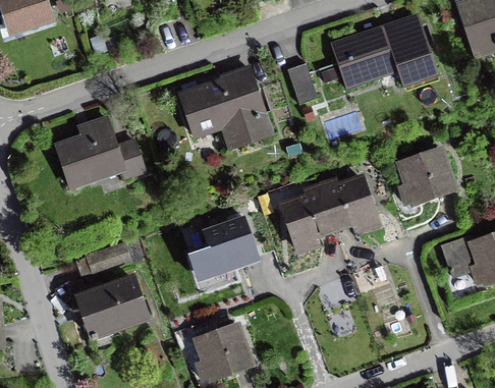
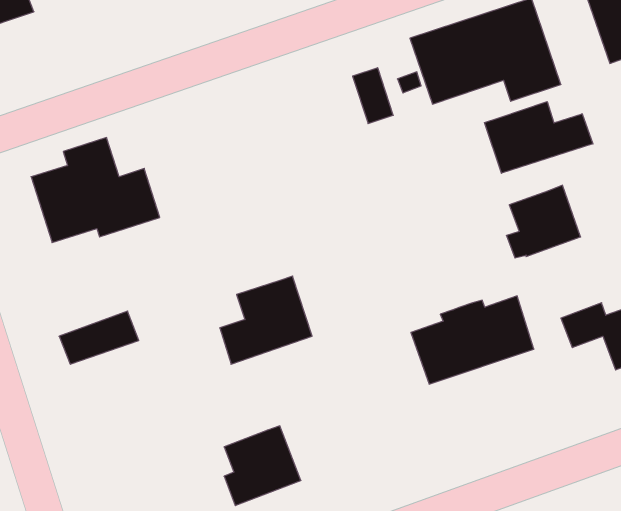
building: [178,63,274,151] -> none
building: none -> [485,102,593,173]
building: [282,176,372,240] -> [411,296,534,384]
building: [73,274,151,343] -> none

